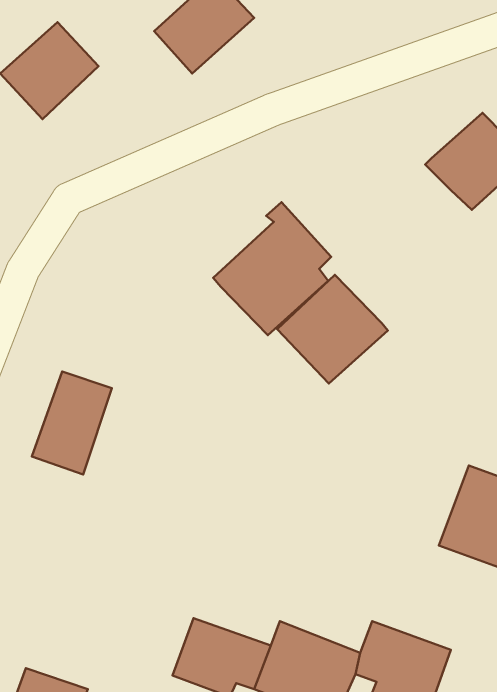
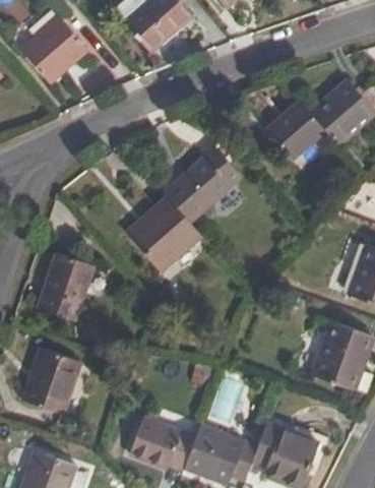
building: none -> [263,105,319,161]
building: [277,275,388,384] -> [126,196,200,269]
building: none -> [23,348,80,414]

